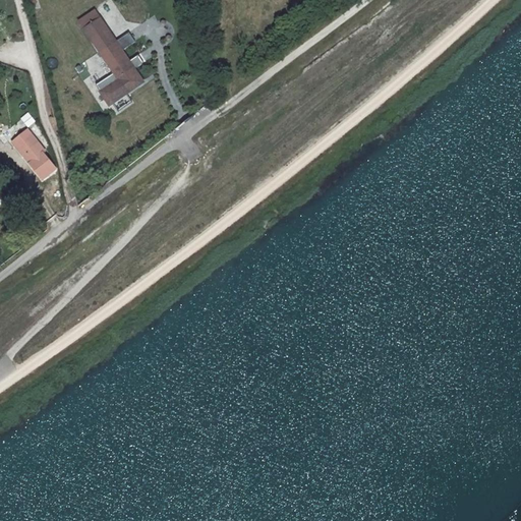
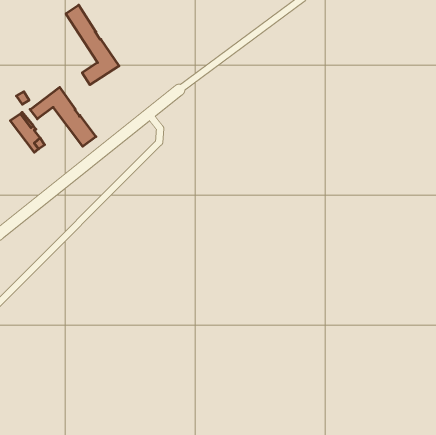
building: none -> [30,87,96,146]

